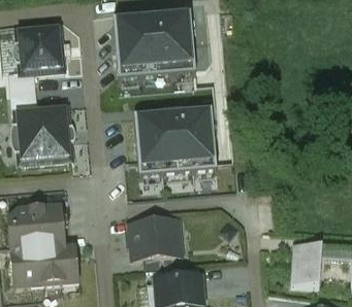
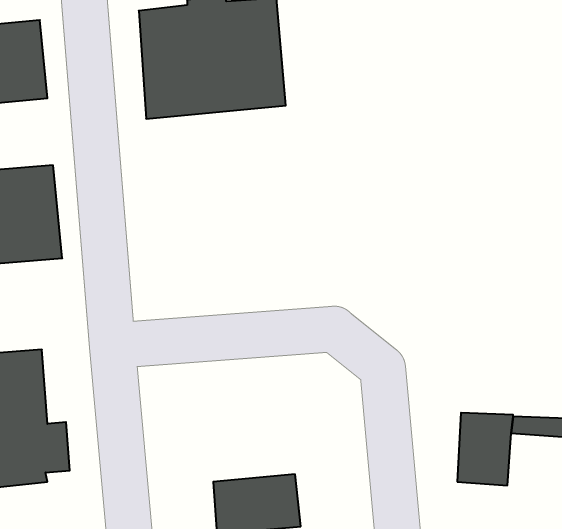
building: [133,107,218,176] -> none
building: [129,217,179,257] -> none

